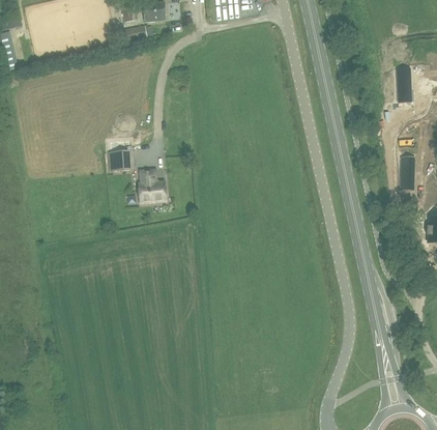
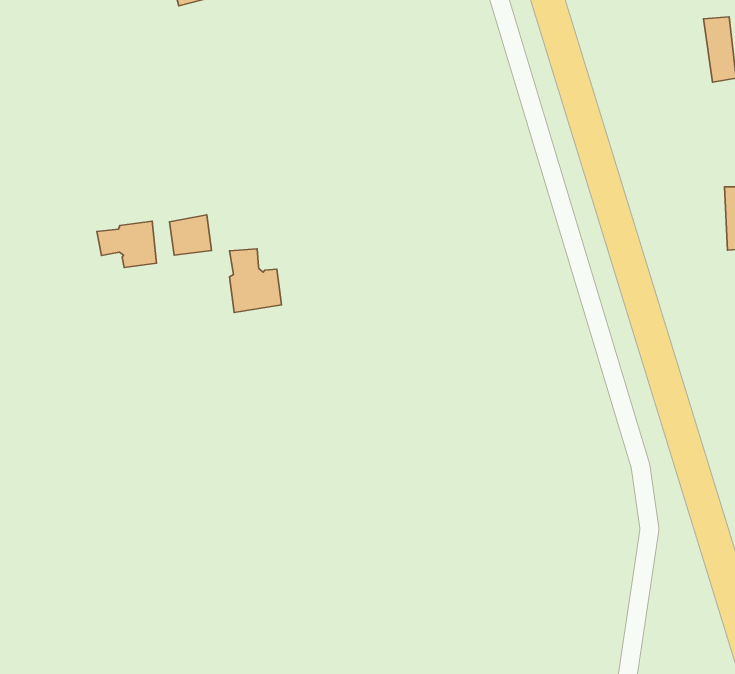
building: none -> [97,221,156,267]

